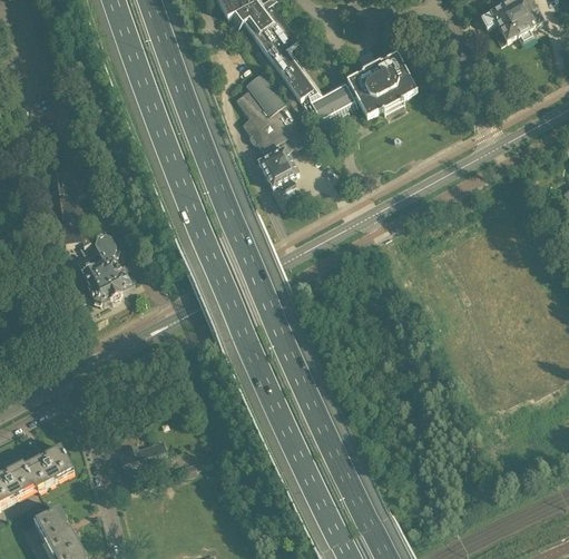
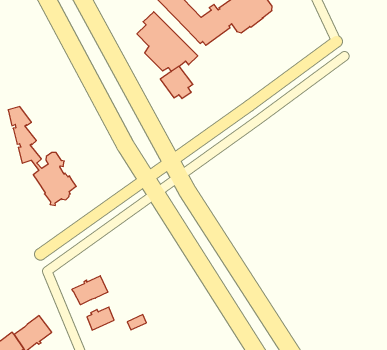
building: none -> [72,276,108,305]

